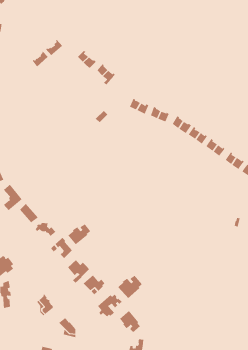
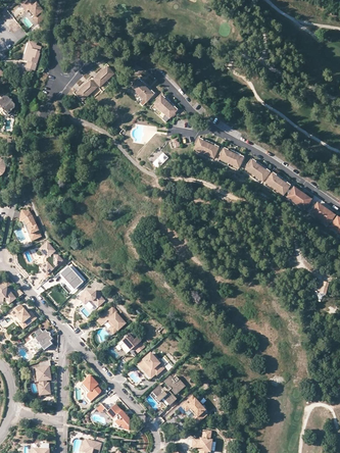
building: [68,223,91,245] -> none
building: [118,275,143,299] -> none

